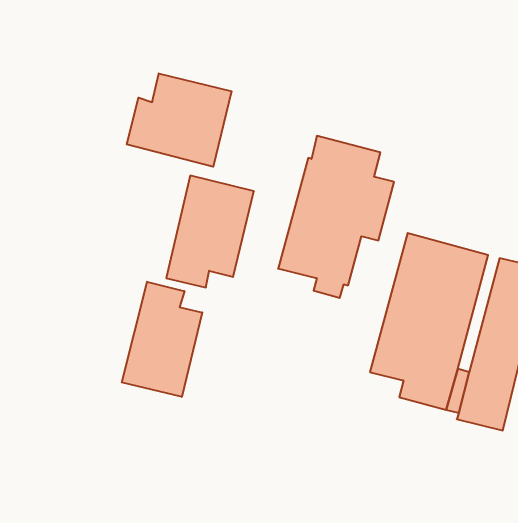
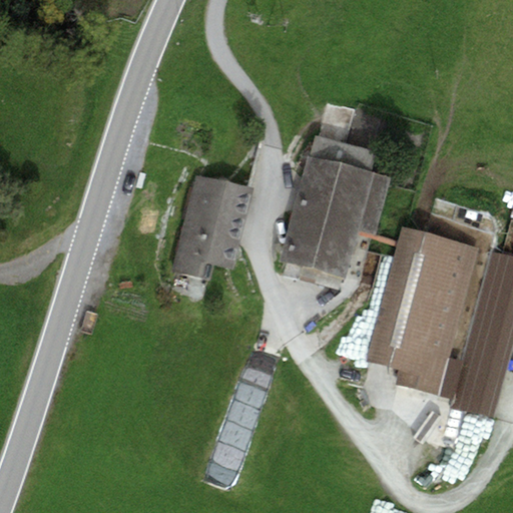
building: [127,73,232,167] -> none
building: [122,282,202,397] -> none

